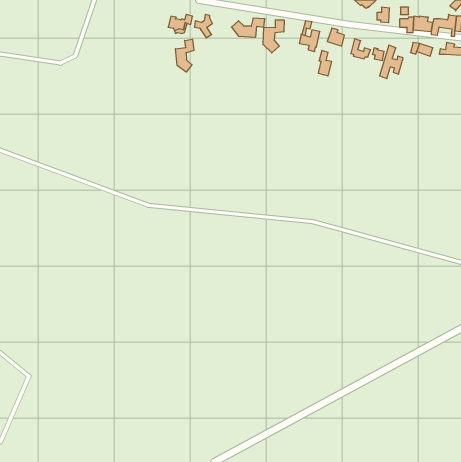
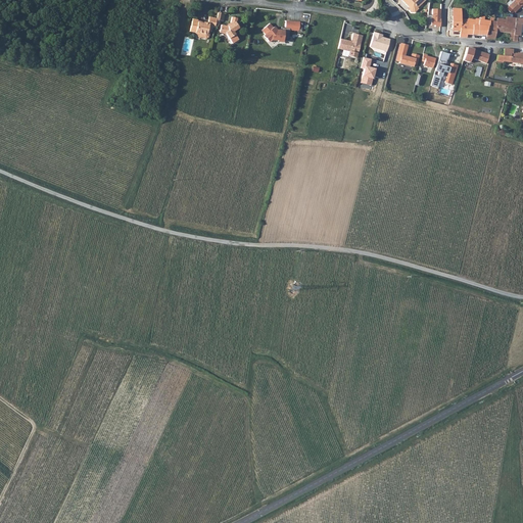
building: [263,20,284,53] -> none
building: [176,39,194,72] -> none

